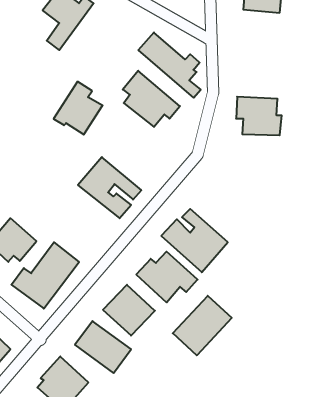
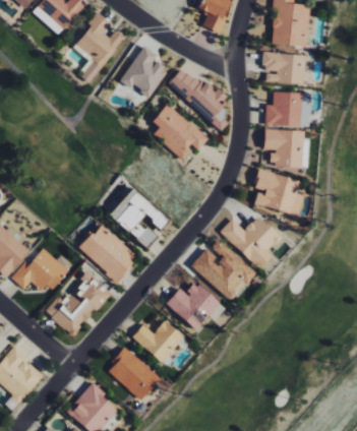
building: none -> [262,52,305,84]
building: none -> [265,91,310,126]
building: [54,82,103,135] -> [120,45,168,97]
building: none -> [253,170,303,214]
building: none -> [221,216,280,268]
building: none -> [79,224,138,282]
building: [173,296,232,355] -> none

